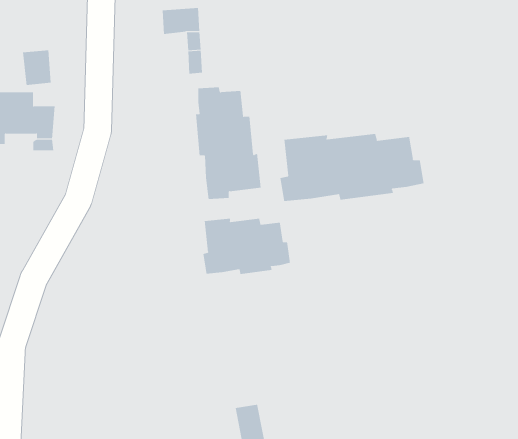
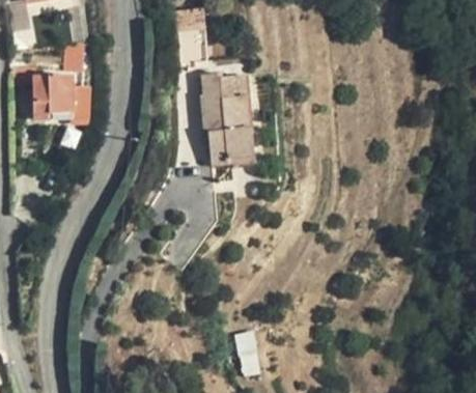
building: [280,133,424,202] -> none
building: [203,218,291,275] -> none

